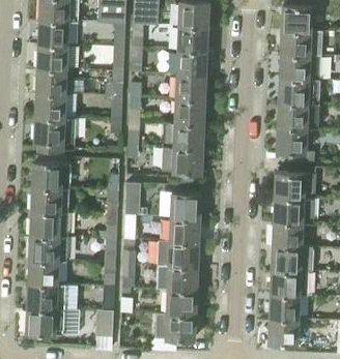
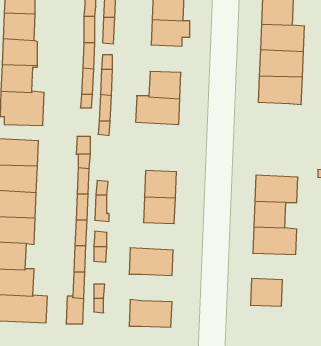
building: [175,74,205,100] -> none
building: [276,128,314,164] -> none
building: [161,147,202,174] -> none
building: [275,173,315,199] -> none
building: [157,241,198,267] -> none
building: [271,270,312,296] -> none
building: [167,290,196,316] -> none
building: [268,319,299,343] -> none

